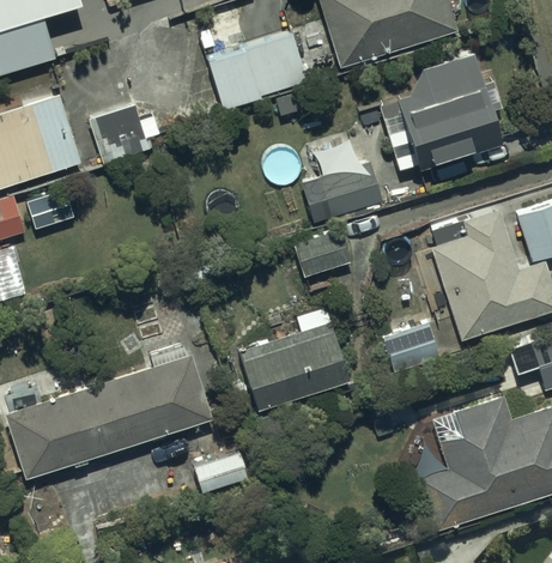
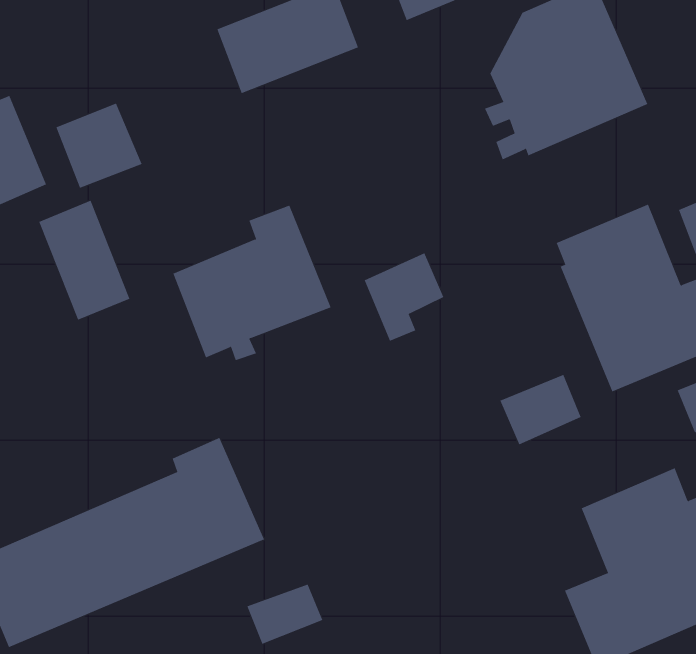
building: [309,161,381,218] -> none
building: none -> [39,200,130,321]
building: [239,309,348,414] -> [172,205,332,361]

